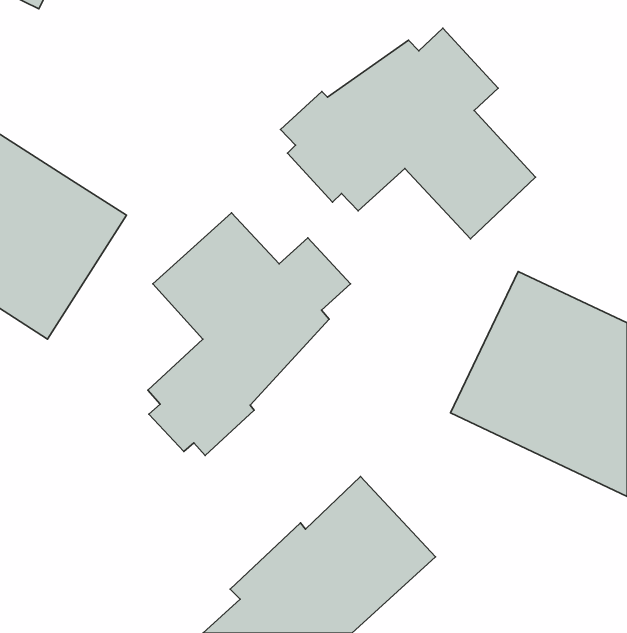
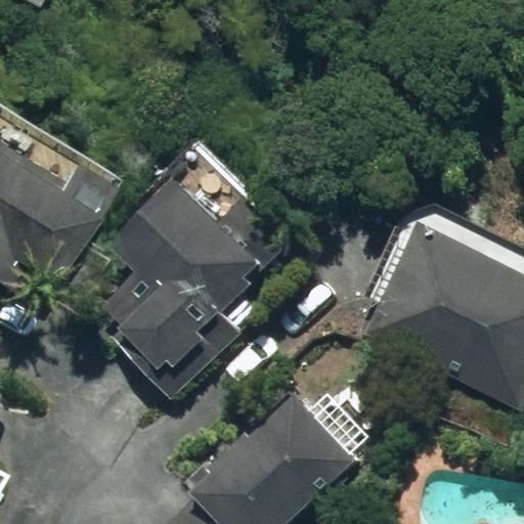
building: [281,28,535,239] -> none

